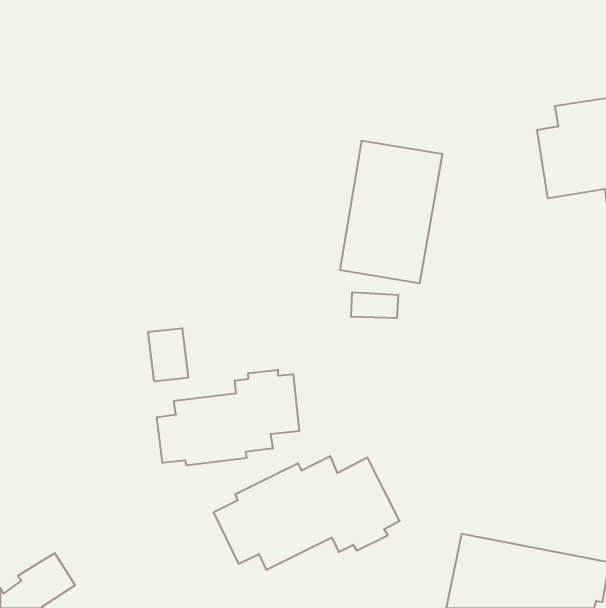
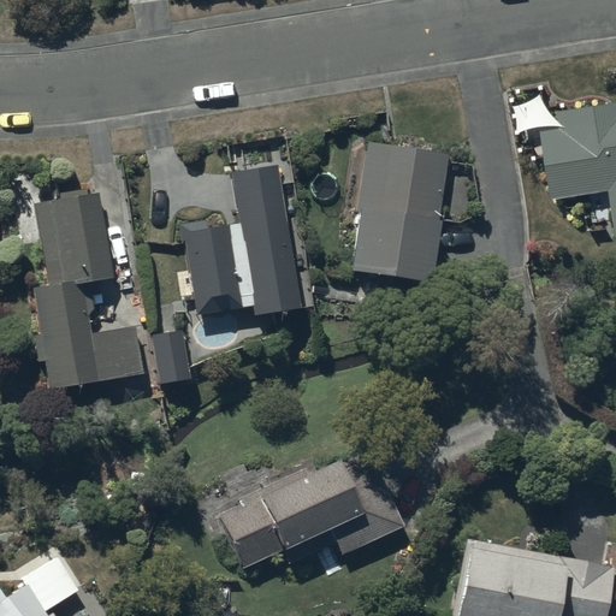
building: none -> [179,165,302,318]
building: none -> [34,188,144,390]
building: [157,370,299,465] -> none

